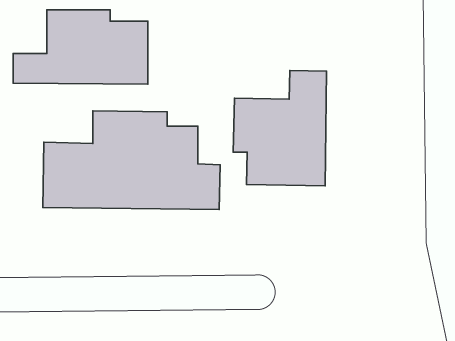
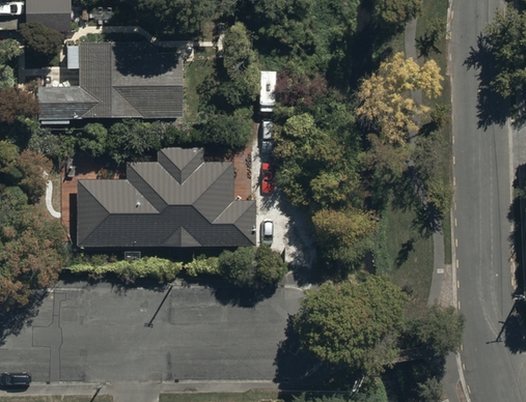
building: [233,71,327,186] -> none

